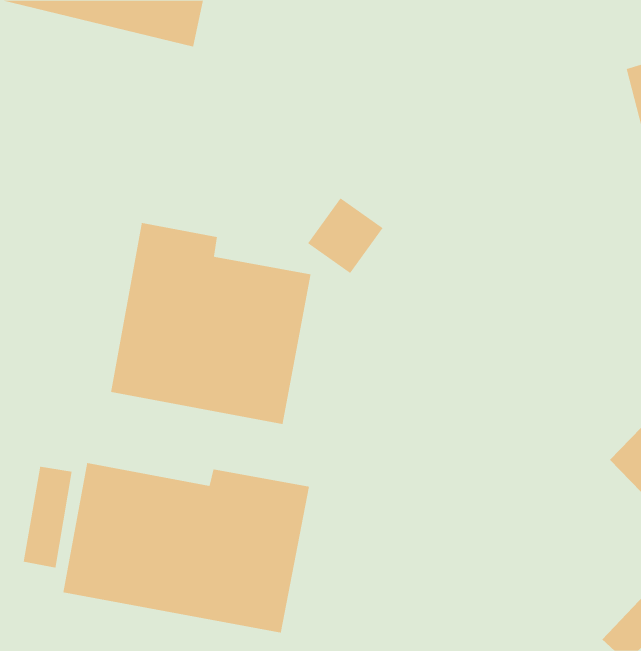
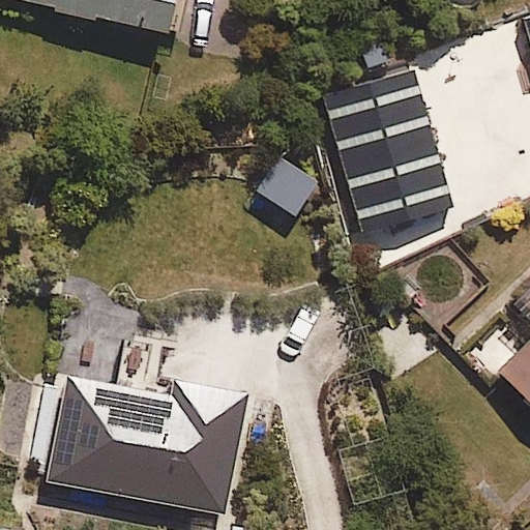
building: none -> [322,34,454,234]
building: [110,222,311,425] -> none

